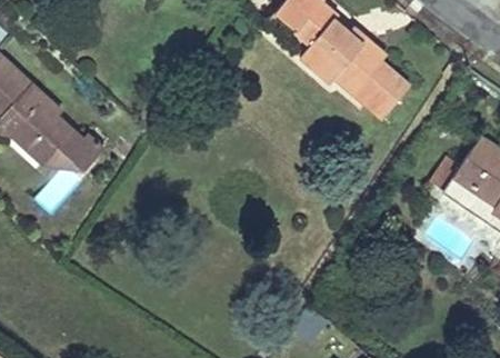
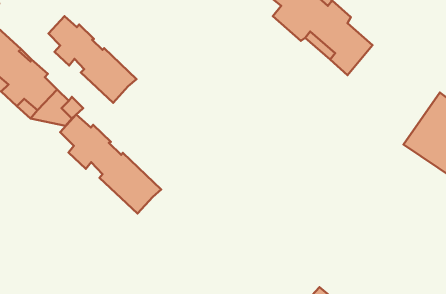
building: none -> [49,16,136,103]
building: none -> [60,114,161,213]

